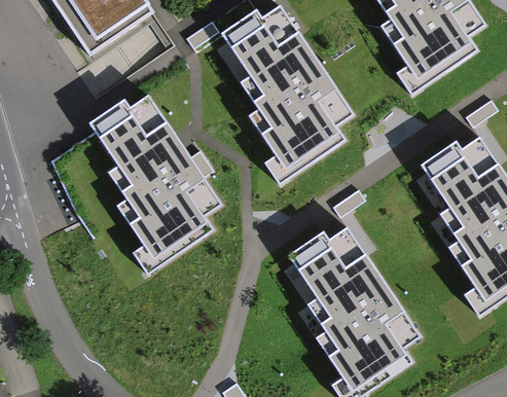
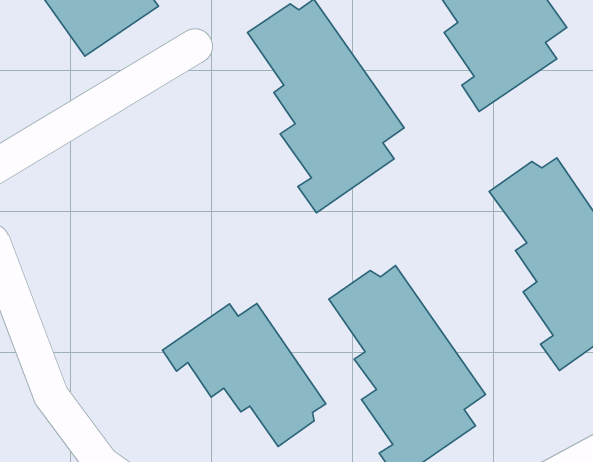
building: [90,94,219,268] -> none
building: none -> [162,304,326,447]

